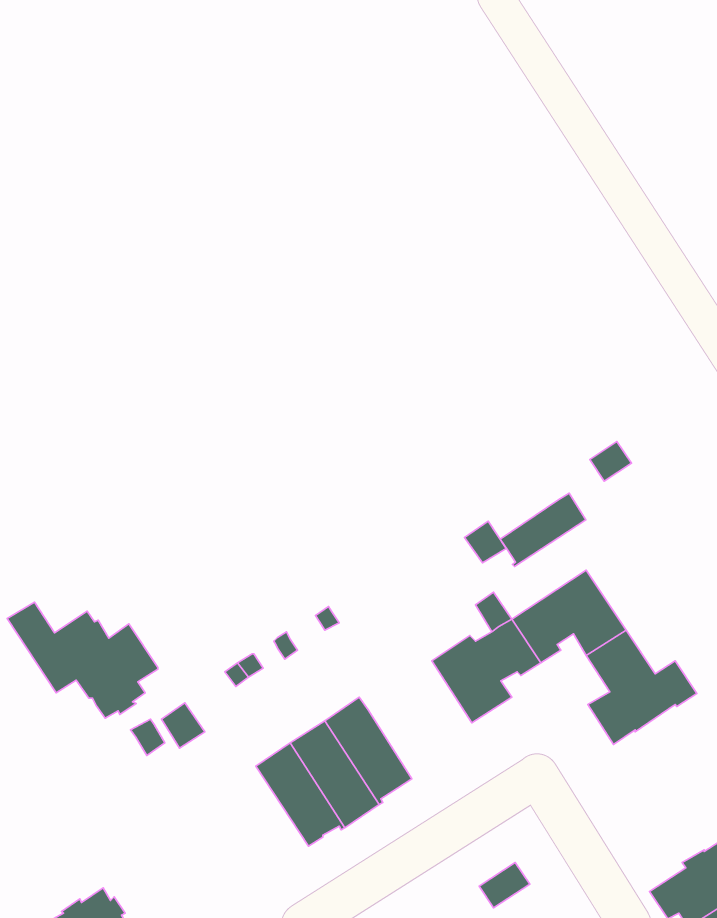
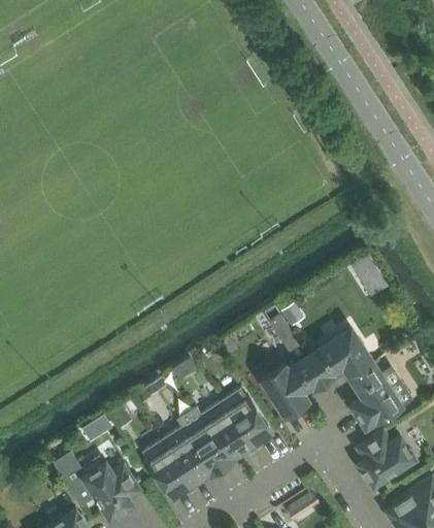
building: [500,493,586,567] -> none
building: [7,602,158,718] -> [54,453,139,519]
building: none -> [222,389,270,448]
building: none -> [357,432,414,486]
building: none -> [142,440,192,497]

